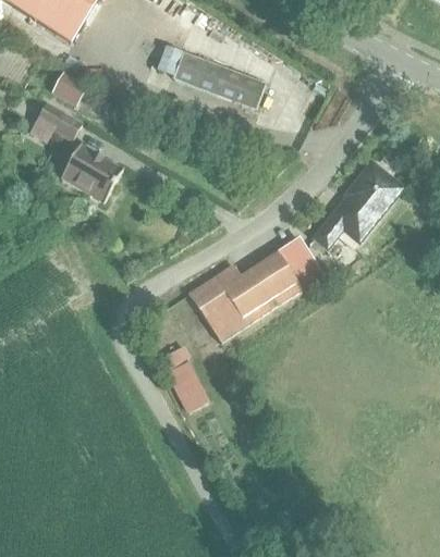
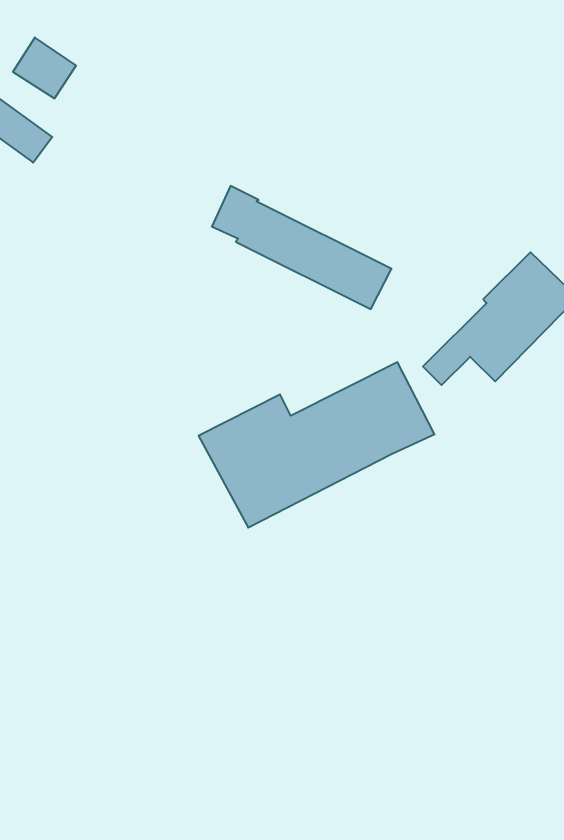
building: [156,45,265,109] -> [212,186,392,309]
building: [60,145,122,202] -> none
building: [168,361,210,410] -> none

